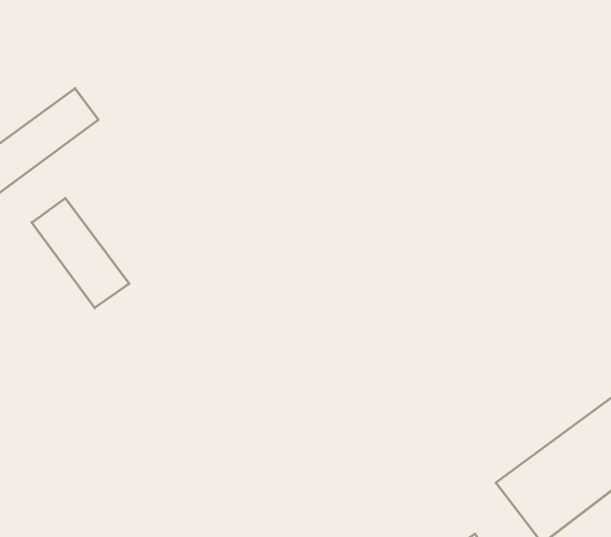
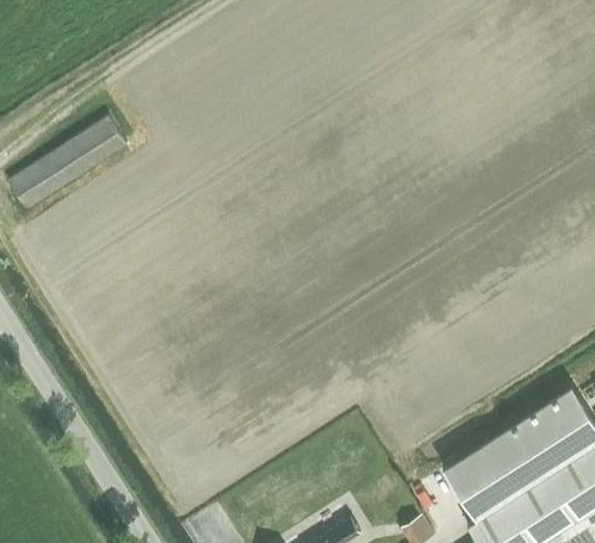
building: [32,198,129,308] -> none

